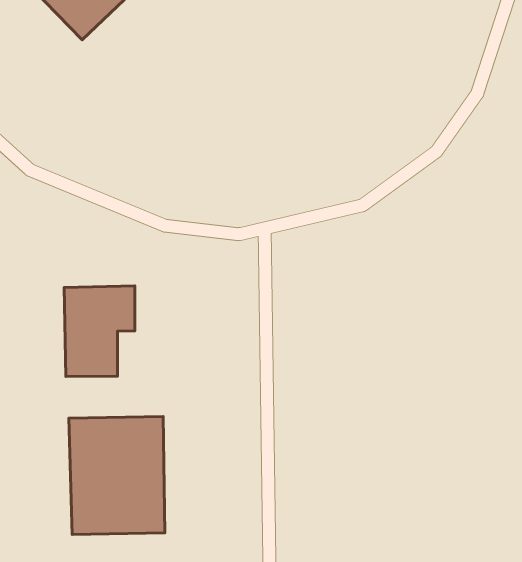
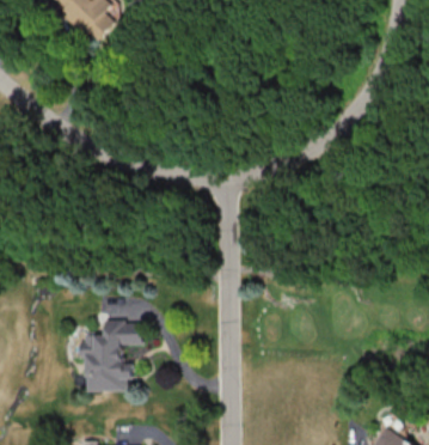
building: [64,286,135,377] -> none

